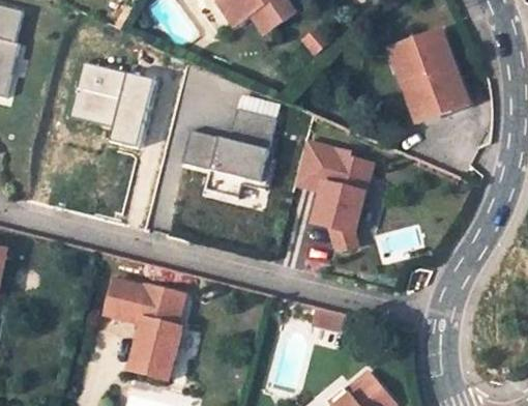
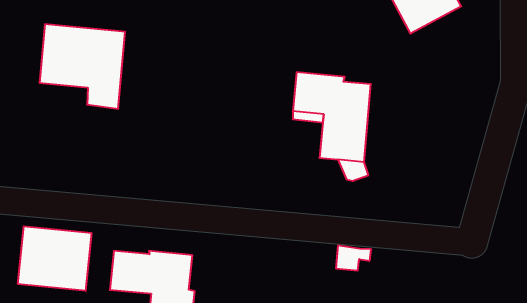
building: [182,107,275,197] -> none
building: none -> [18,226,91,291]

